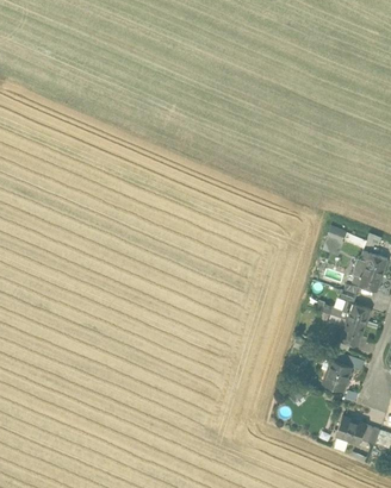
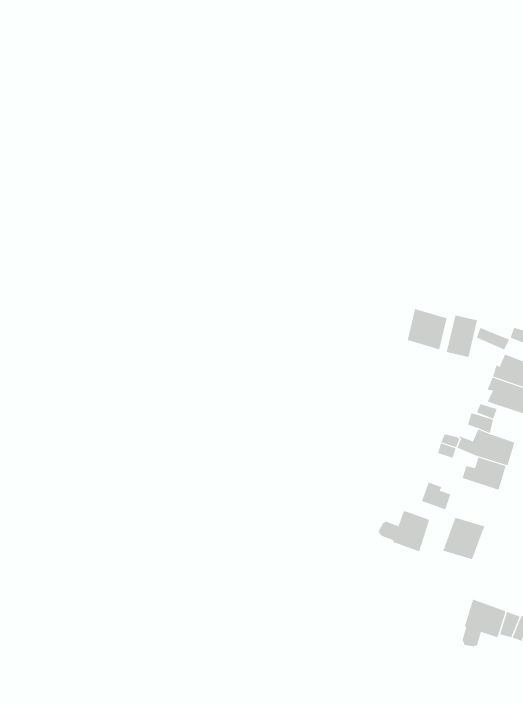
building: none -> [407,308,447,350]
building: none -> [378,510,430,552]

